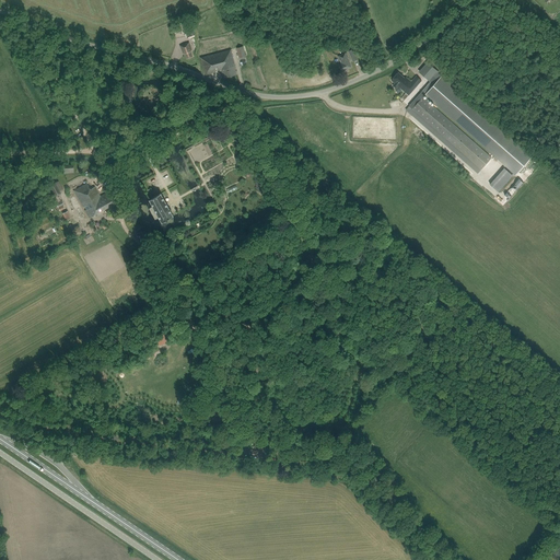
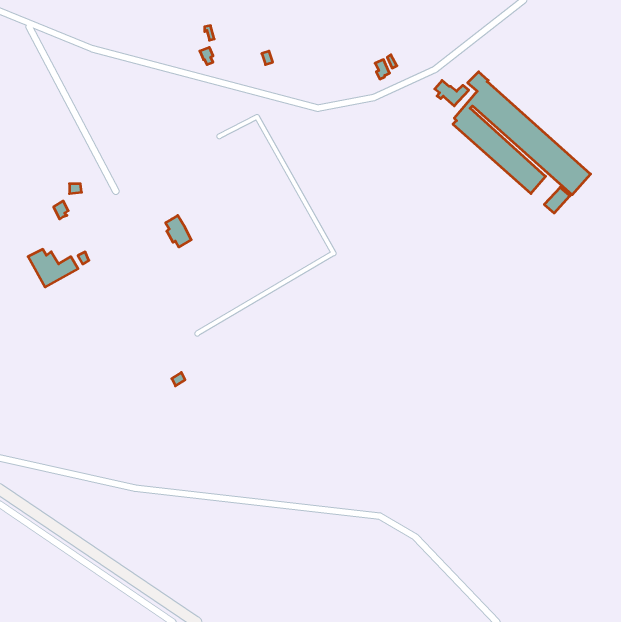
building: [200,49,235,78] -> none
building: [72,184,117,218] -> [28,249,78,287]

